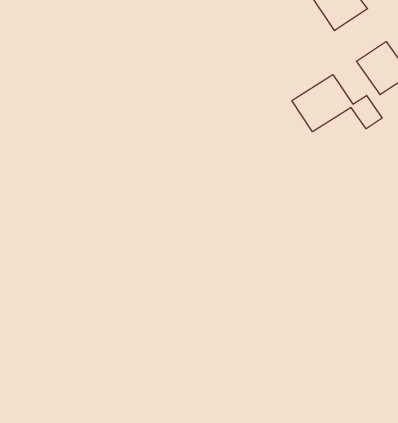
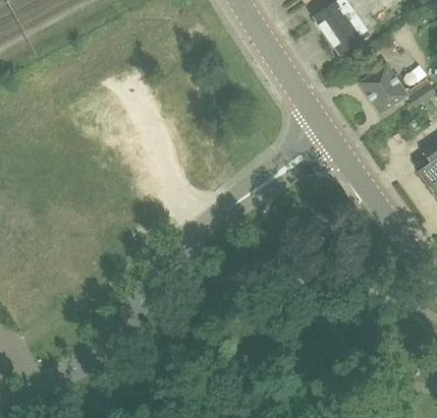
building: [292,75,382,132] -> none

